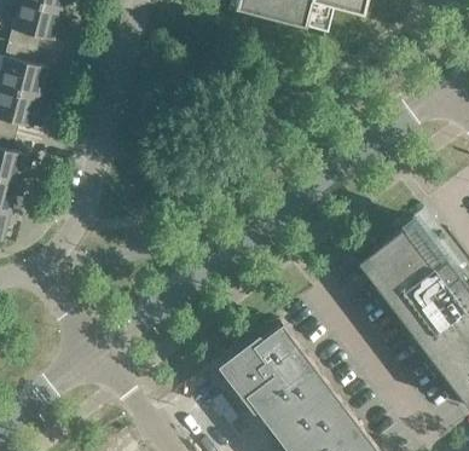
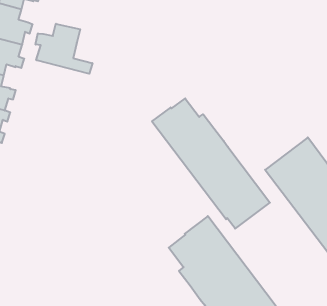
building: none -> [36,24,92,74]
building: none -> [152,98,270,229]

